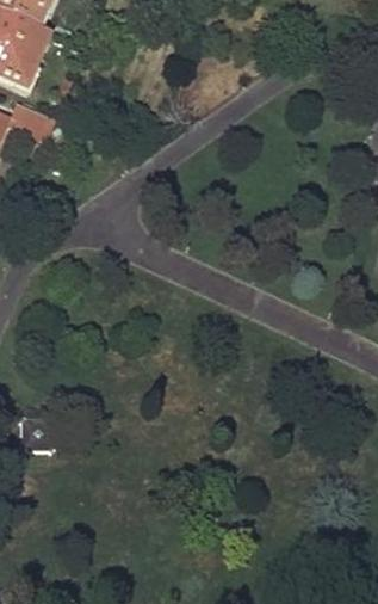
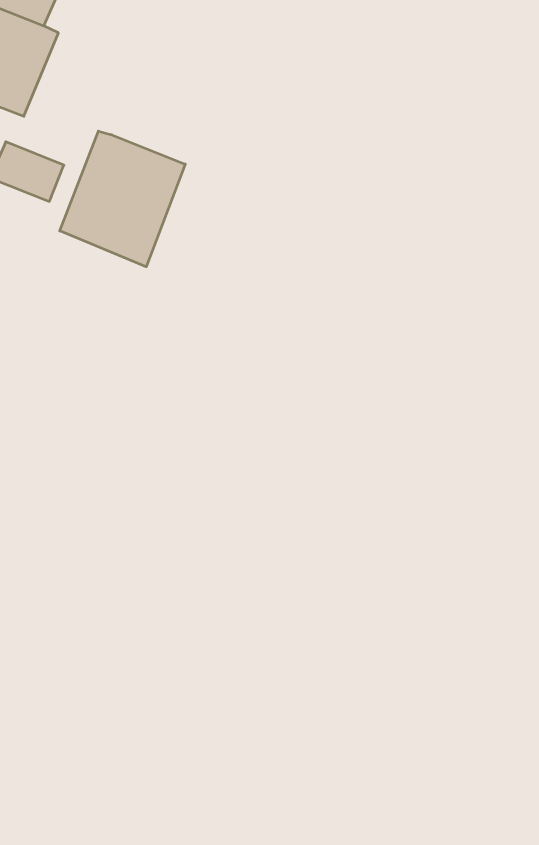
building: none -> [60,131,185,267]

